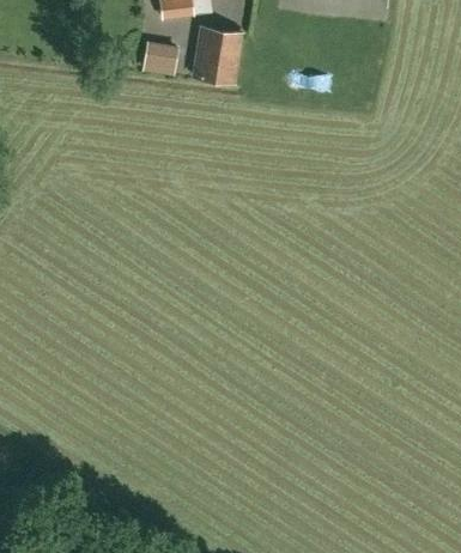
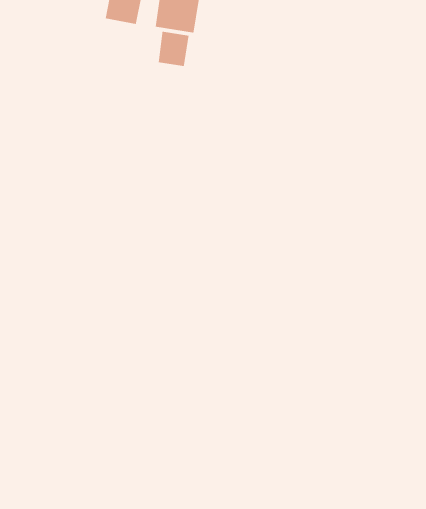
building: none -> [158,31,189,67]

